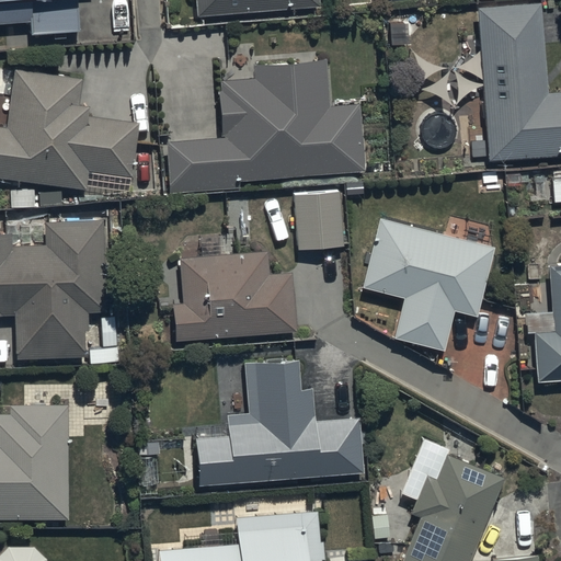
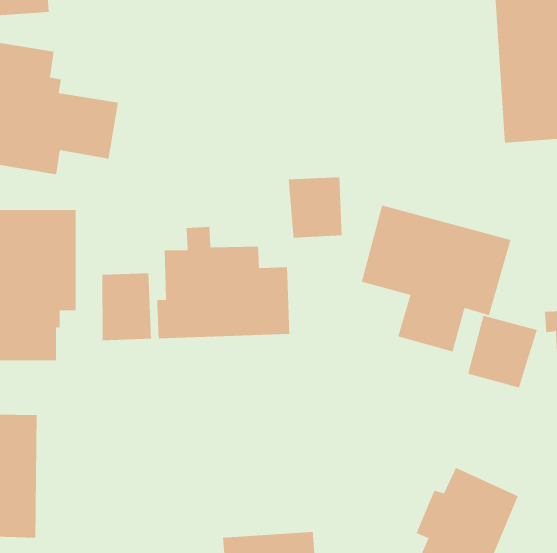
building: [168,59,364,195] -> none
building: none -> [101,273,152,341]
building: none -> [467,315,538,389]
building: [198,358,362,486] -> none

